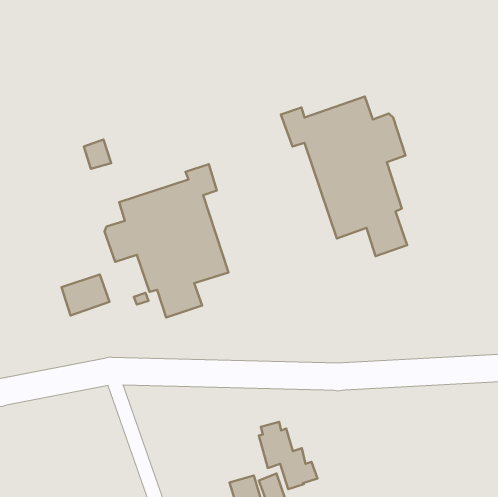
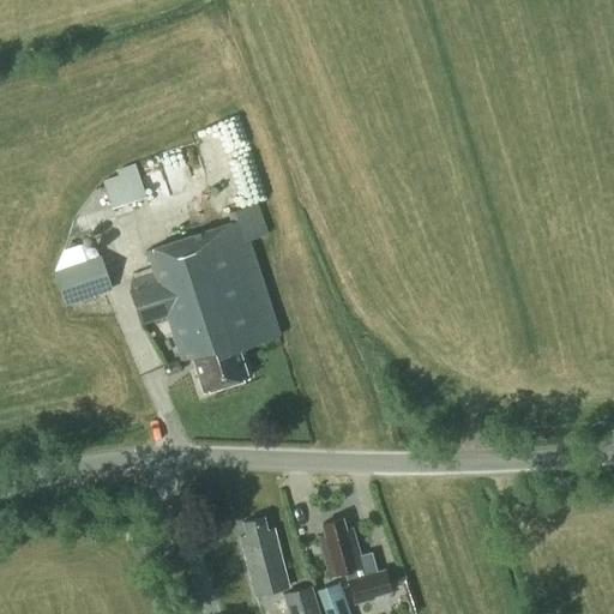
building: [281,97,407,256] -> none
building: [62,274,109,315] -> [55,257,114,307]
building: none -> [240,518,289,597]

